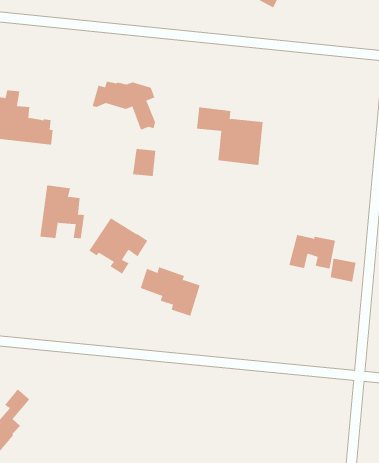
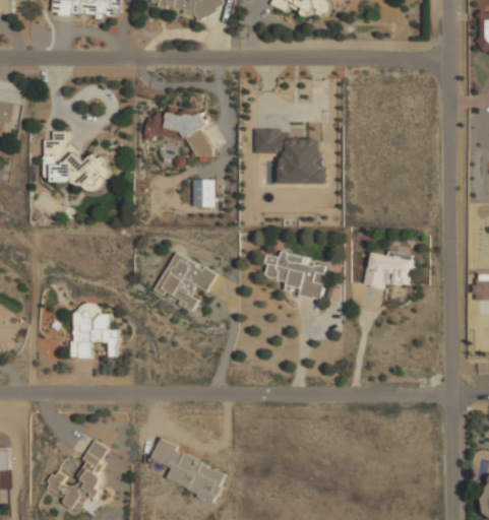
building: [40,185,85,239] -> [72,303,117,358]
building: [330,258,356,282] -> none
building: [140,266,201,317] -> [263,251,326,300]
building: none -> [150,438,226,501]

